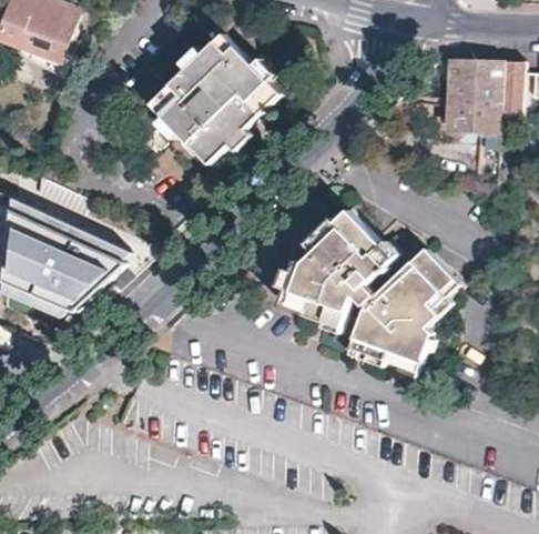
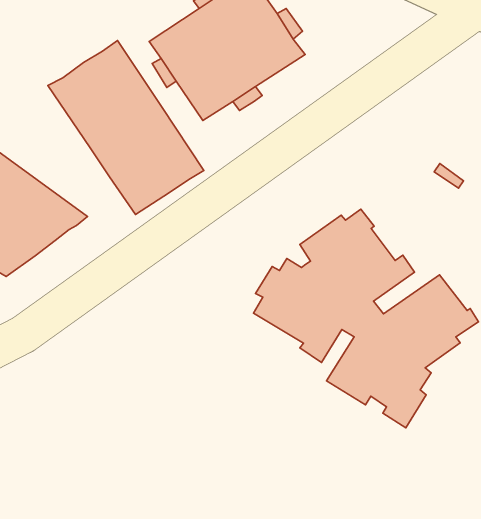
building: none -> [48,41,204,214]

